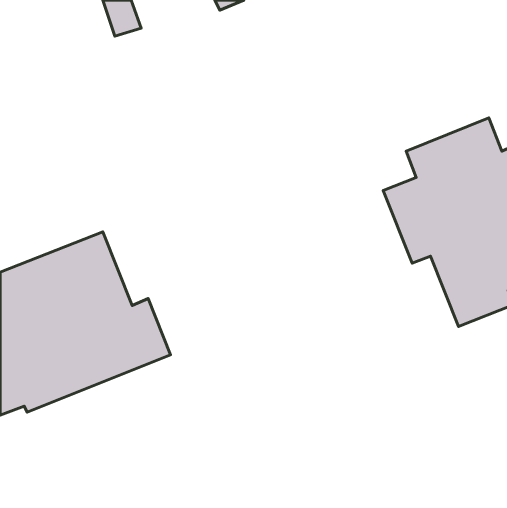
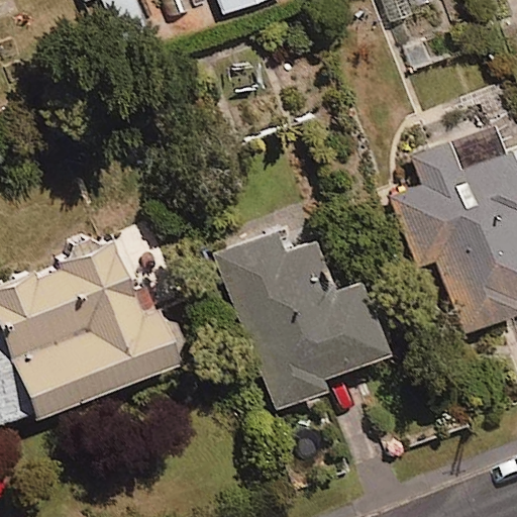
building: none -> [220,238,388,410]

